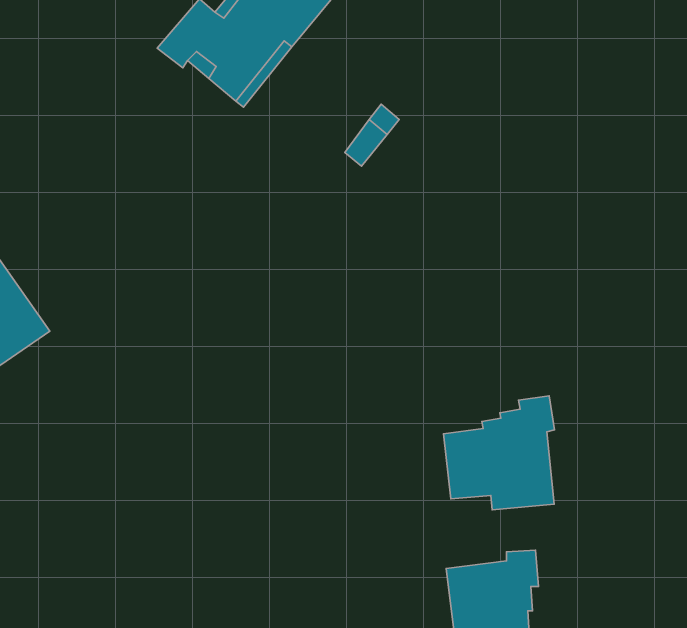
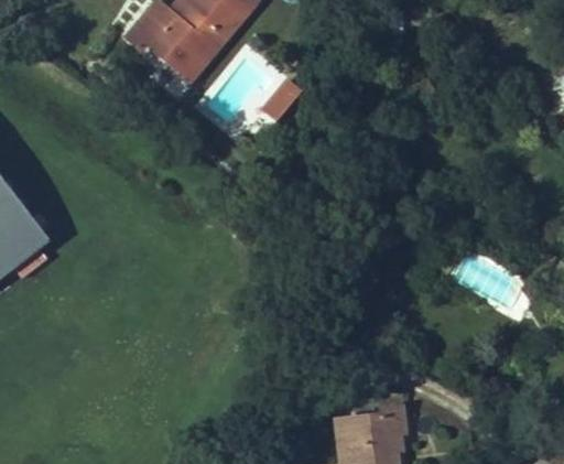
building: [444,396,554,510] -> none

